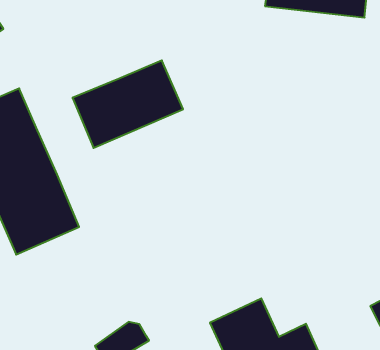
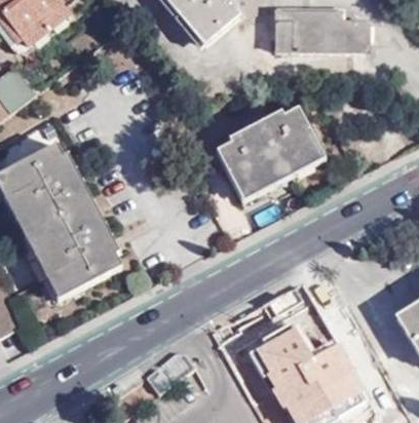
building: [72,60,183,148] -> [217,109,319,195]

